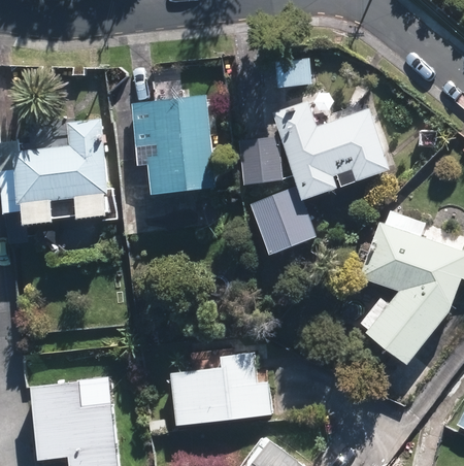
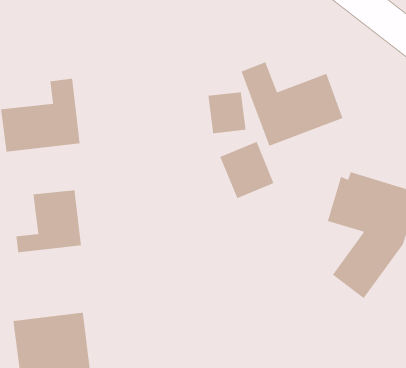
building: [134,103,211,194] -> none
building: none -> [16,189,82,253]
building: [169,355,269,422] -> none

